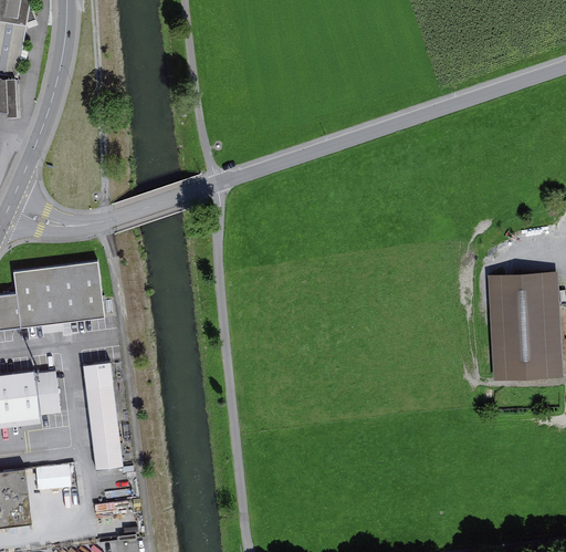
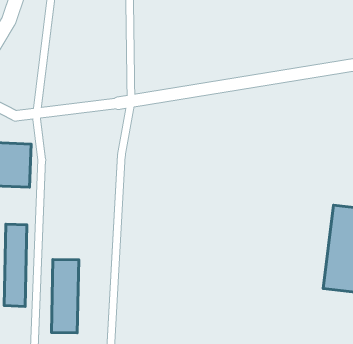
building: none -> [51,260,79,333]

